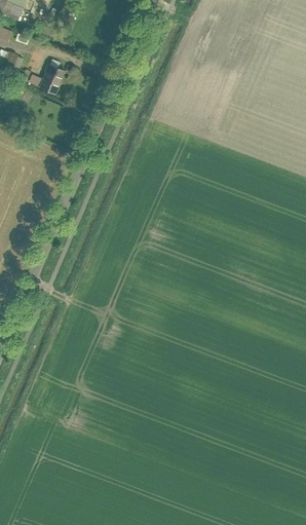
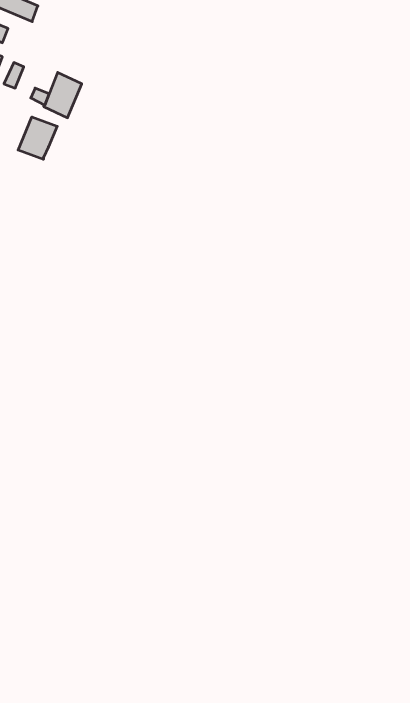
building: none -> [18,117,57,159]

